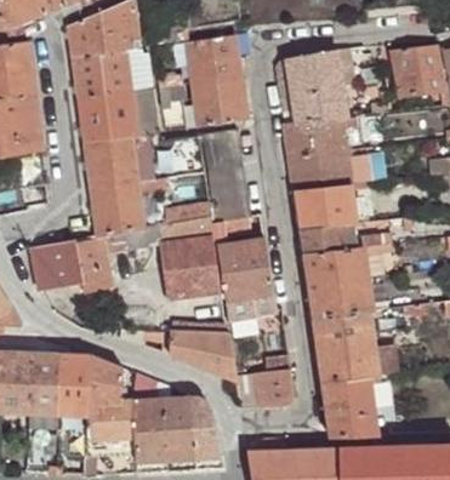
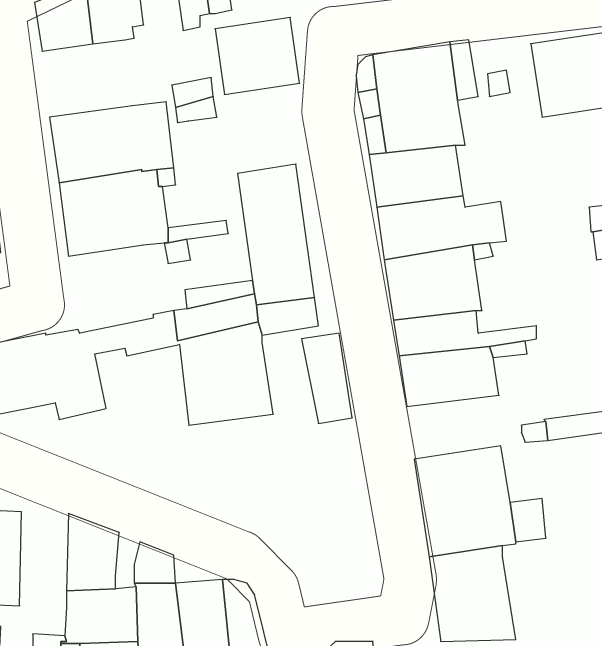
building: [73,50,131,99] -> none
building: [190,78,246,127] -> none
building: [90,182,144,239] -> none
building: [216,242,255,322] -> none
building: [308,279,372,320] -> none
building: [119,330,237,382] -> none
building: [58,354,90,416] -> none
building: [256,370,294,407] -> none

